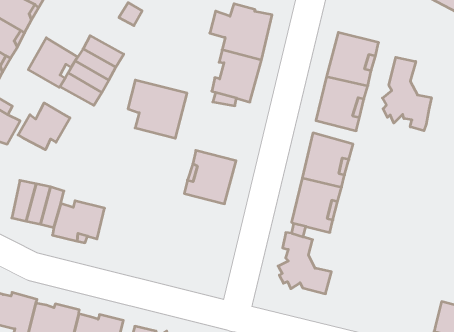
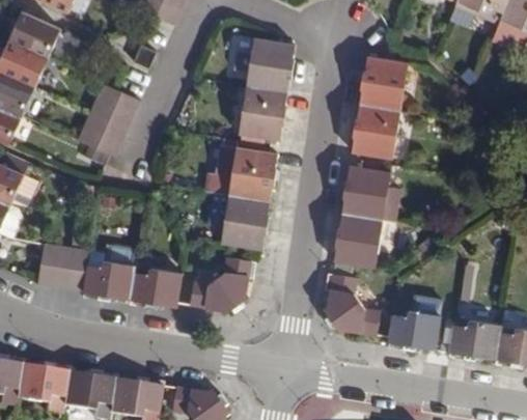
building: [28,38,78,87] -> none
building: [382,57,431,131] -> none
building: [128,80,187,138] -> [217,144,278,202]
building: [18,103,70,150] -> none
building: none -> [193,254,256,312]
building: none -> [129,268,183,309]
building: none -> [388,312,441,352]
building: none -> [448,318,501,362]

